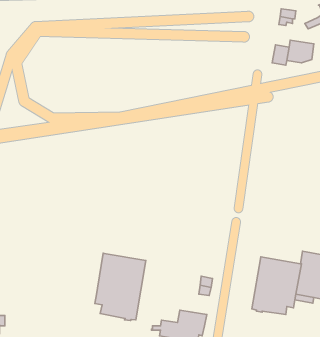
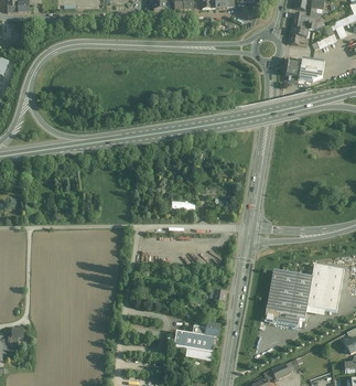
building: [95,253,146,321] -> none

